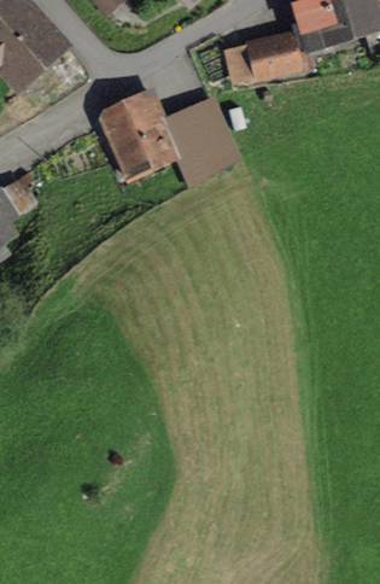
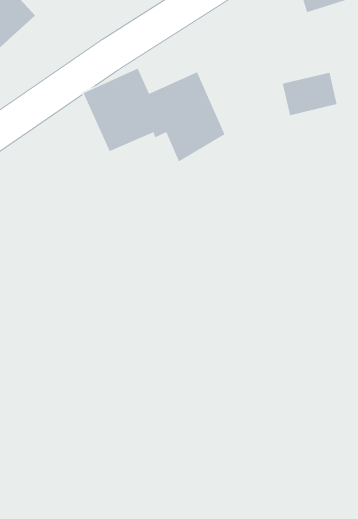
building: [241,36,294,78] -> [282,72,338,116]

